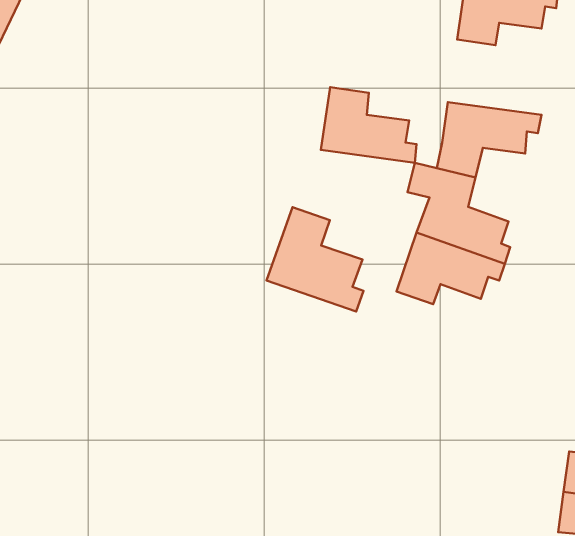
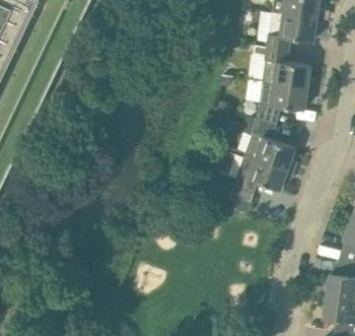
building: [321,87,417,163] -> [261,48,313,89]
building: [266,207,364,311] -> none

